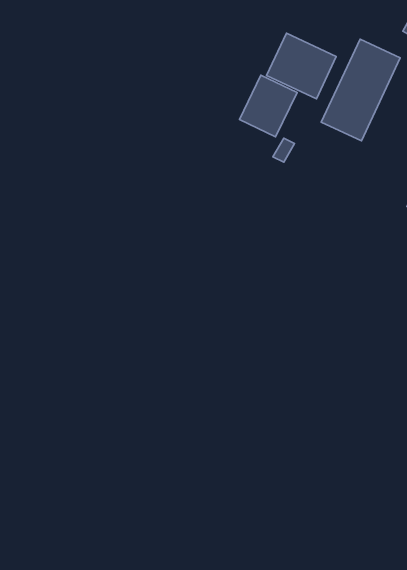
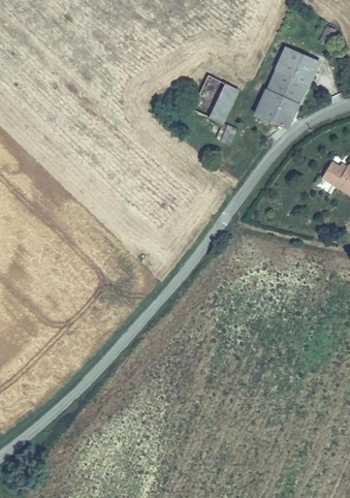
building: [266,33,336,99] -> none

